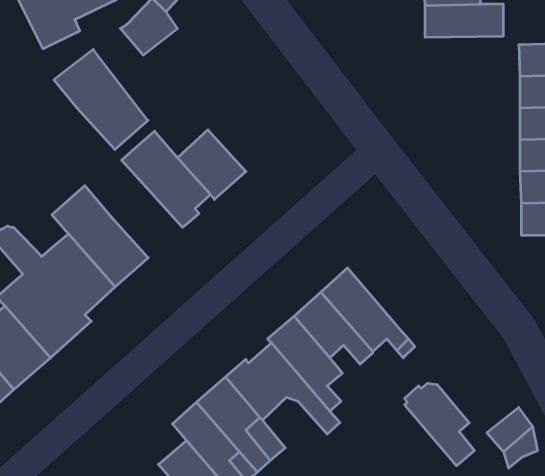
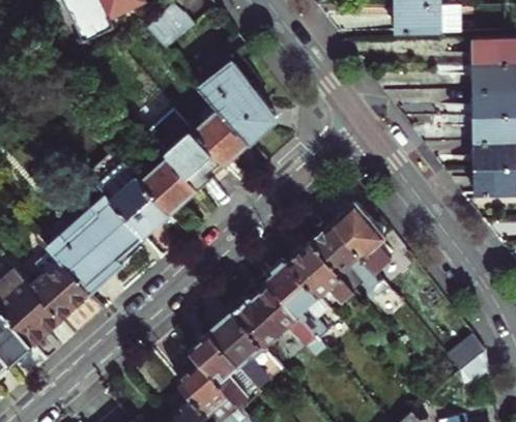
building: [54,49,148,150] -> [200,61,277,143]
building: none -> [140,155,198,213]
building: [405,383,474,466] -> [333,204,390,271]

